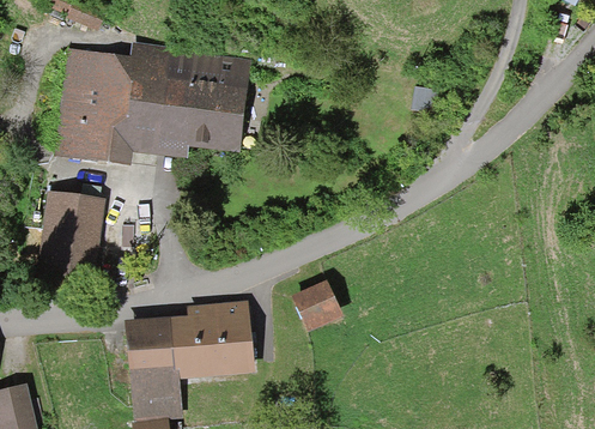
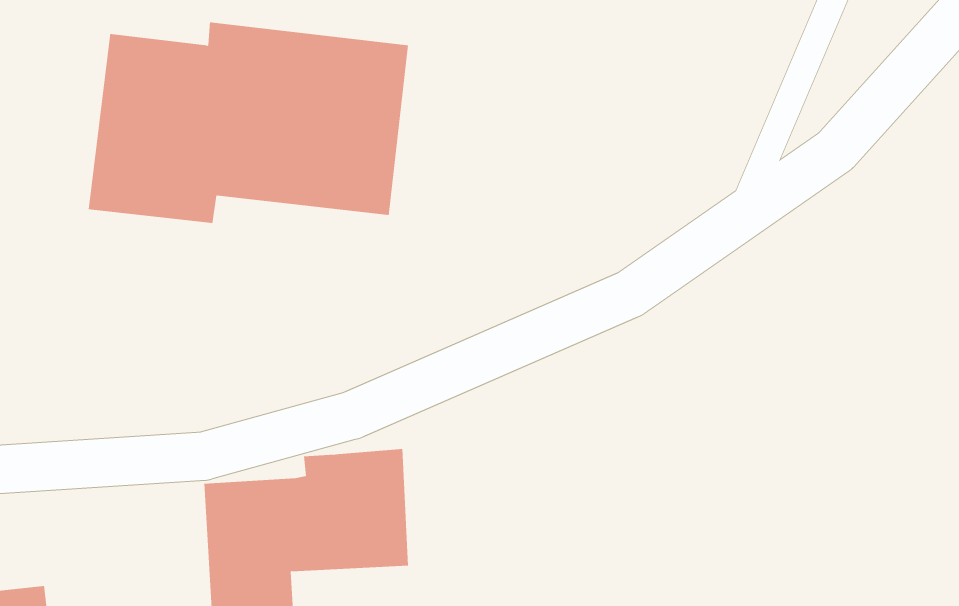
building: [36,187,103,276] -> none
building: [292,283,342,334] -> none

